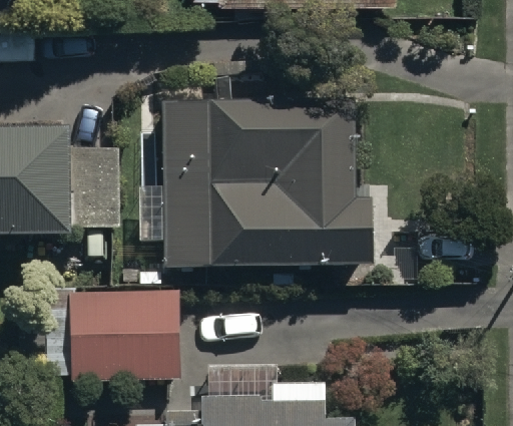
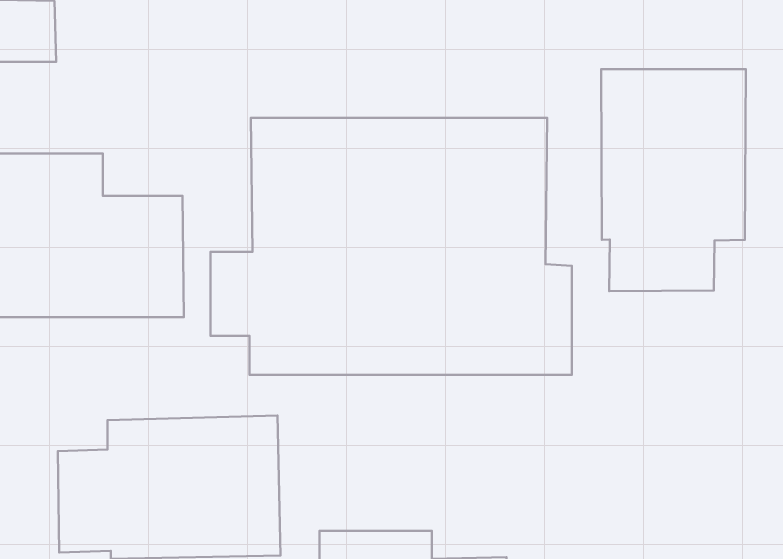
building: none -> [601,69,746,291]

